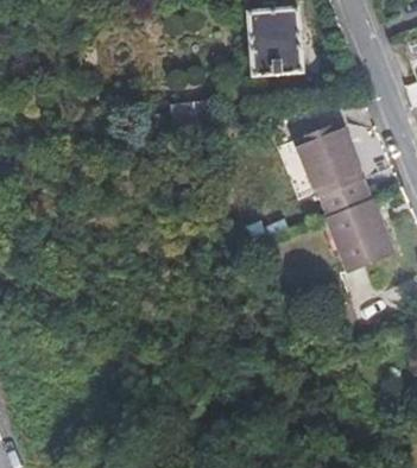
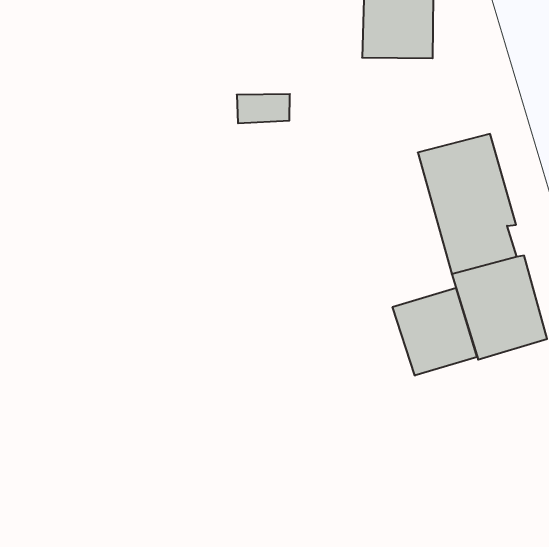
building: none -> [393,288,477,376]

